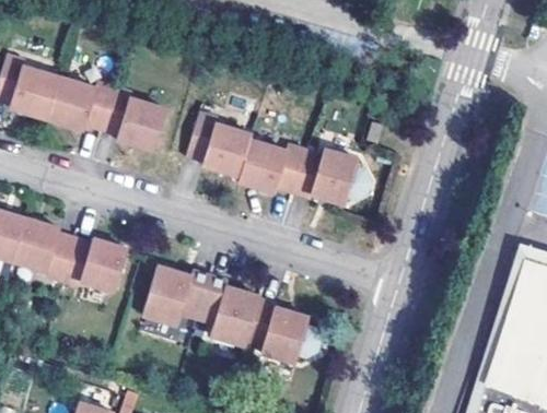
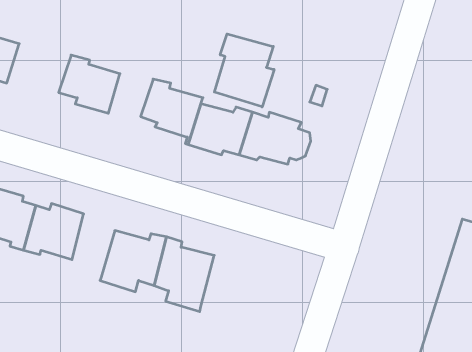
building: none -> [214,34,274,107]
building: [43,72,110,126] -> none
building: [247,295,324,370] -> none

